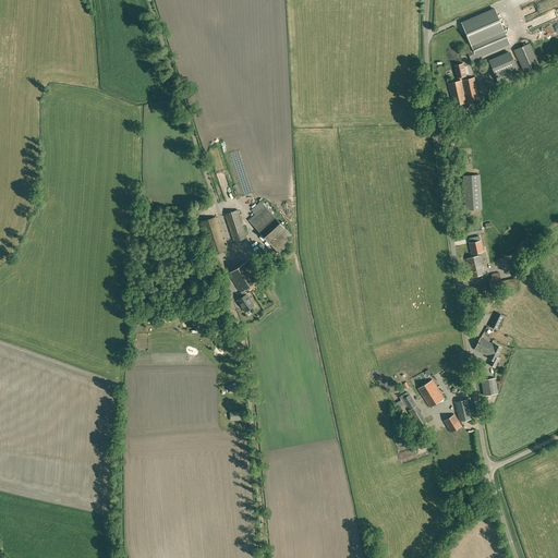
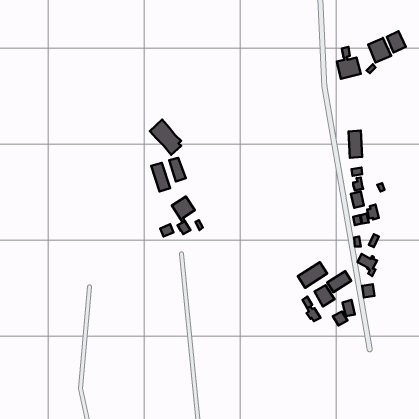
building: [461,8,509,60] -> none
building: [250,206,291,253] -> [150,120,181,155]
building: none -> [298,262,327,288]
building: none -> [327,271,351,292]

